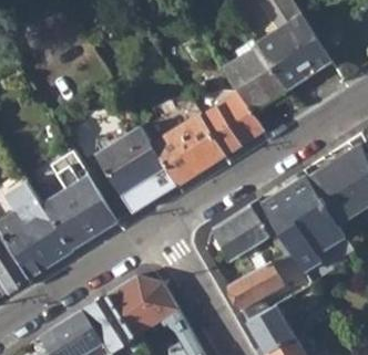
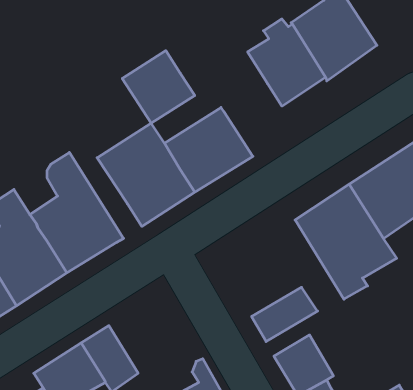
building: [202,94,263,155] -> [122,51,195,123]
building: [212,208,266,259] -> none
building: [105,276,180,336] -> none

